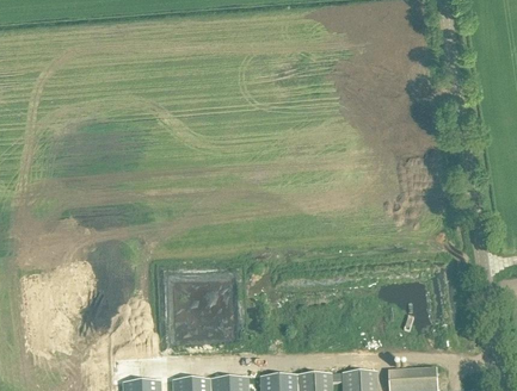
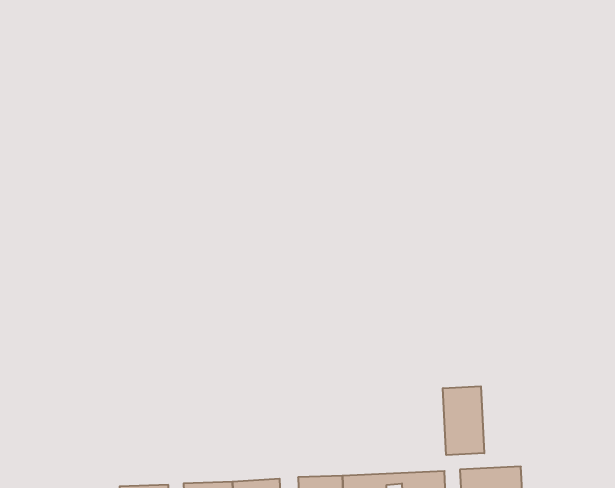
building: none -> [443,386,484,455]

